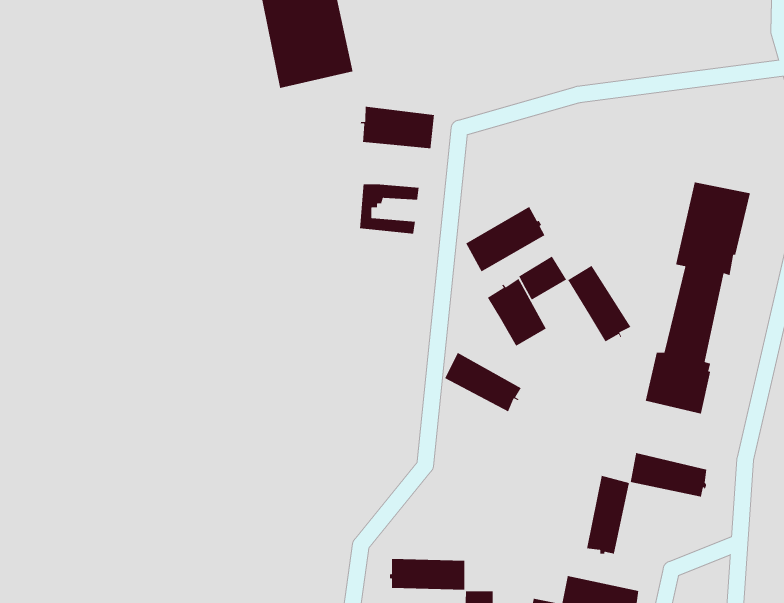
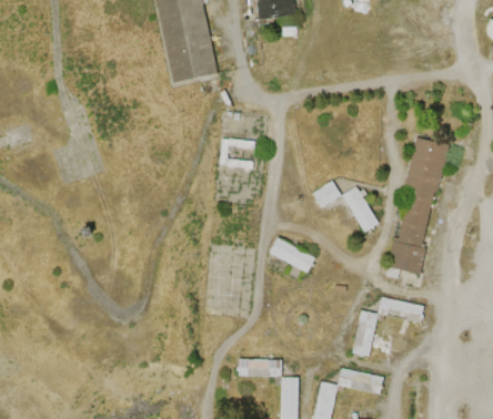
building: [359,106,435,149] -> none
building: [465,206,545,273] -> none
building: [487,278,547,347] -> none

